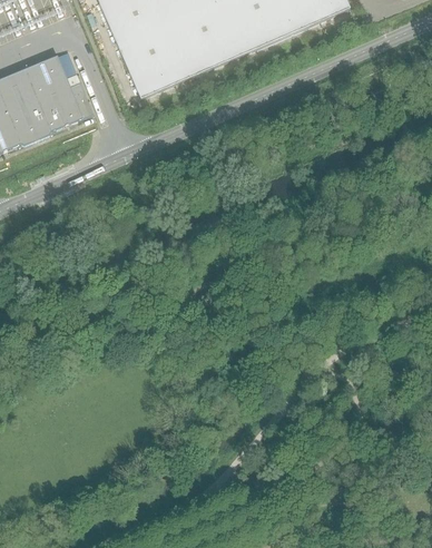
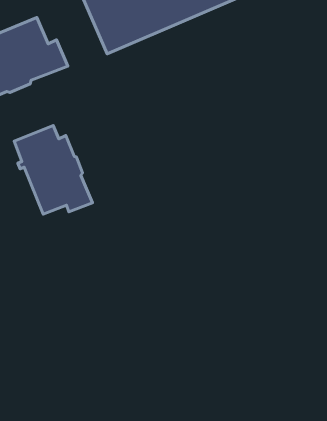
building: none -> [14,126,92,214]

